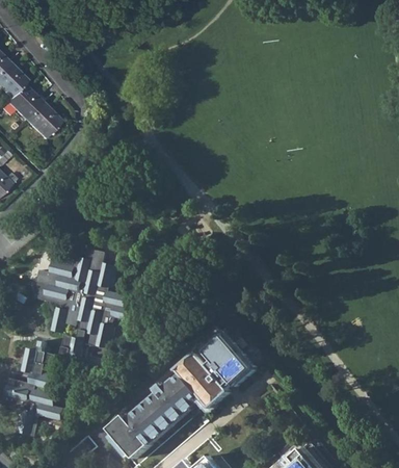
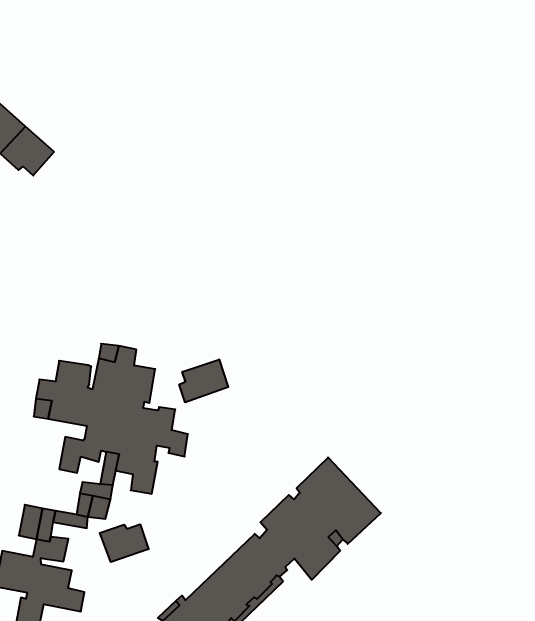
building: none -> [179,359,228,402]
building: none -> [100,524,149,562]

